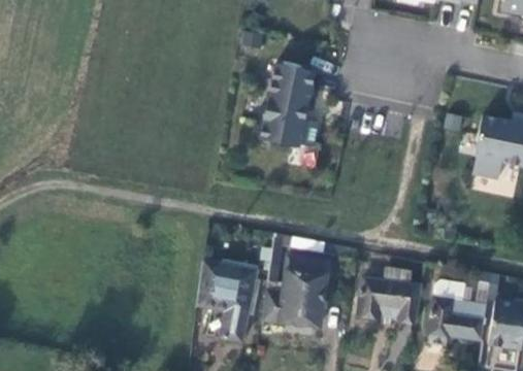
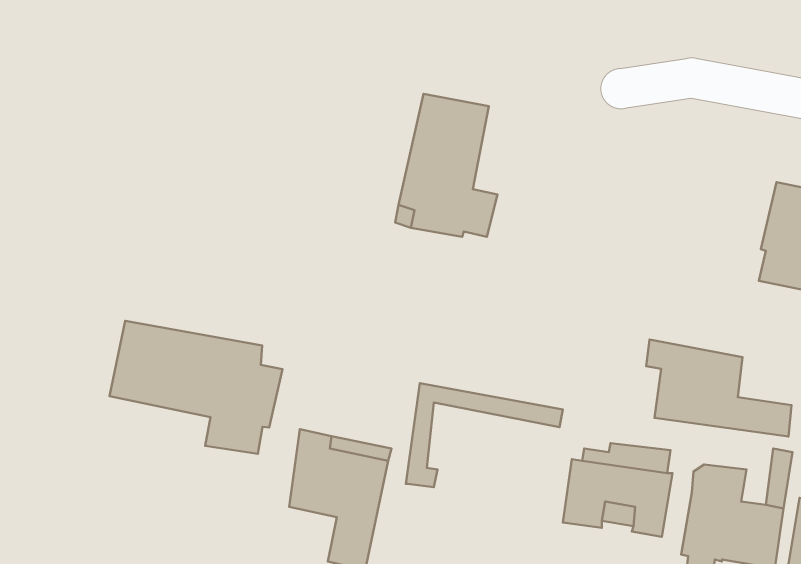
building: none -> [109,321,283,454]
building: none -> [646,339,792,437]
building: [263,256,328,327] -> none

